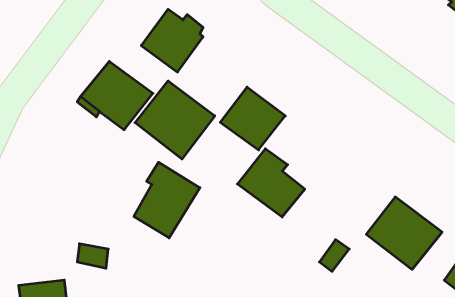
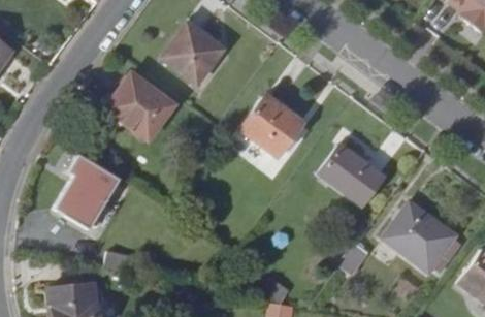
building: [135,81,215,159] -> none
building: [237,149,305,217] -> [321,139,386,205]
building: [134,162,200,238] -> [58,154,122,227]

